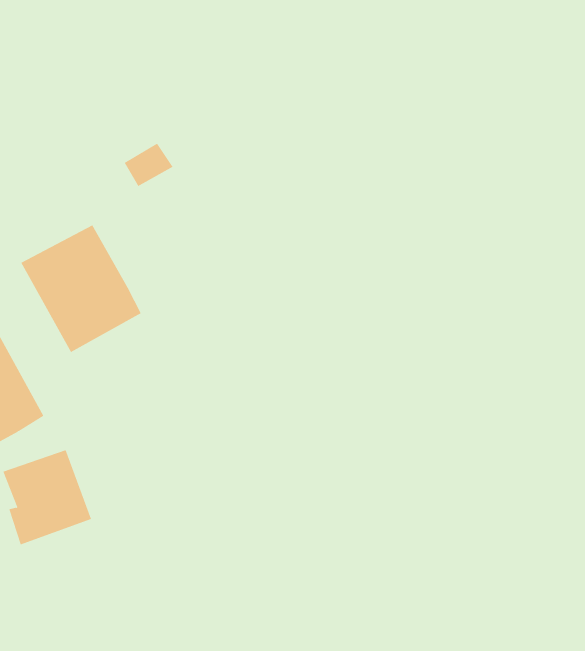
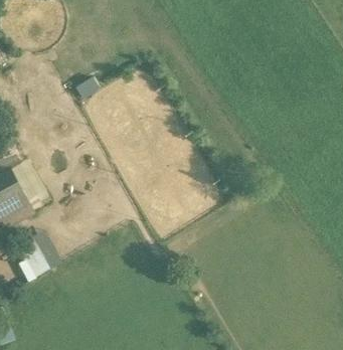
building: [21,224,141,353] -> none

